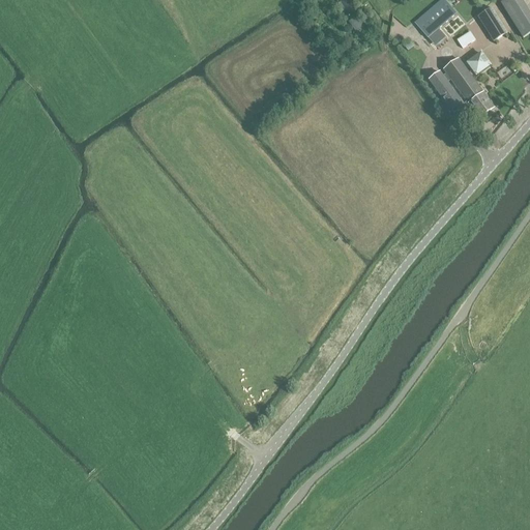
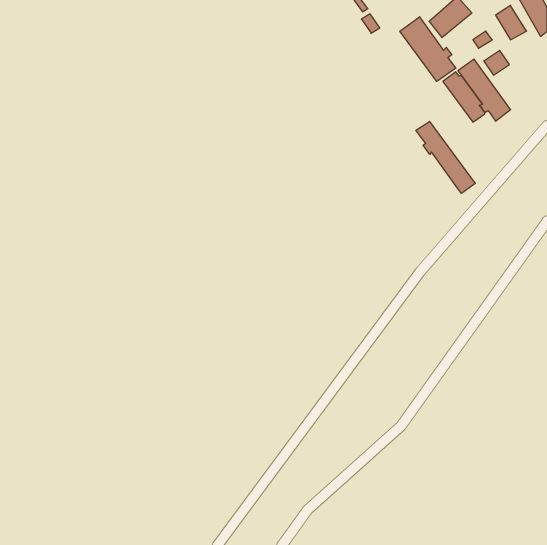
building: none -> [400,17,456,81]
building: none -> [416,121,475,193]

